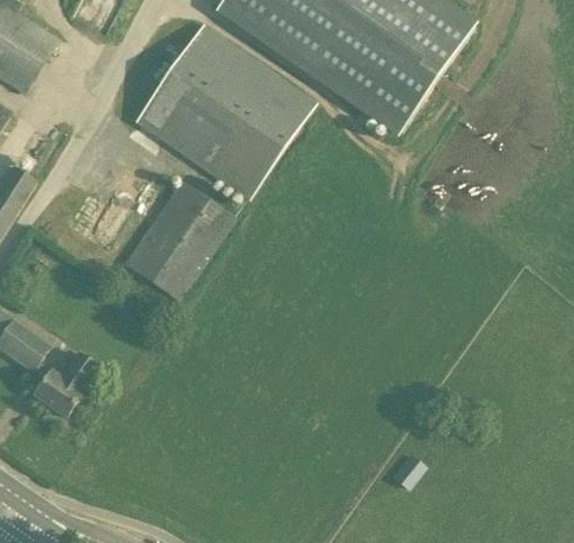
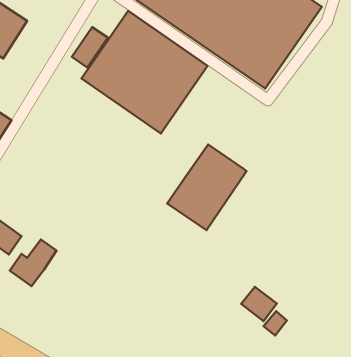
building: none -> [72,27,108,68]
building: [122,178,235,300] -> [167,144,247,230]
building: none -> [241,287,277,321]

